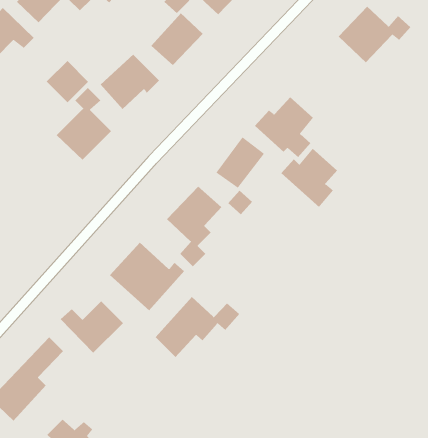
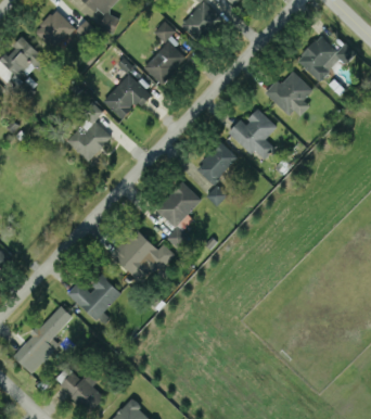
building: [46,60,89,103] -> none
building: [281,148,338,208] -> [266,71,312,119]
building: [155,296,240,358] -> none

